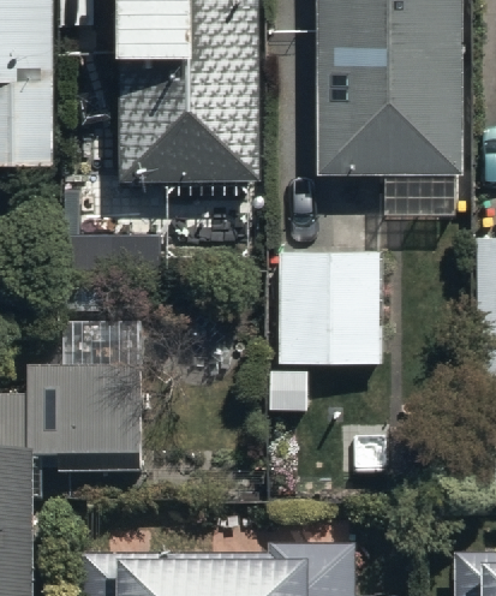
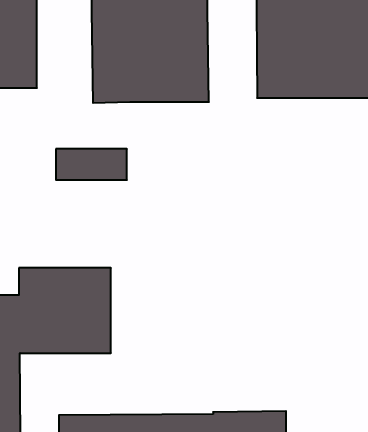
building: [279,246,382,358] -> none

